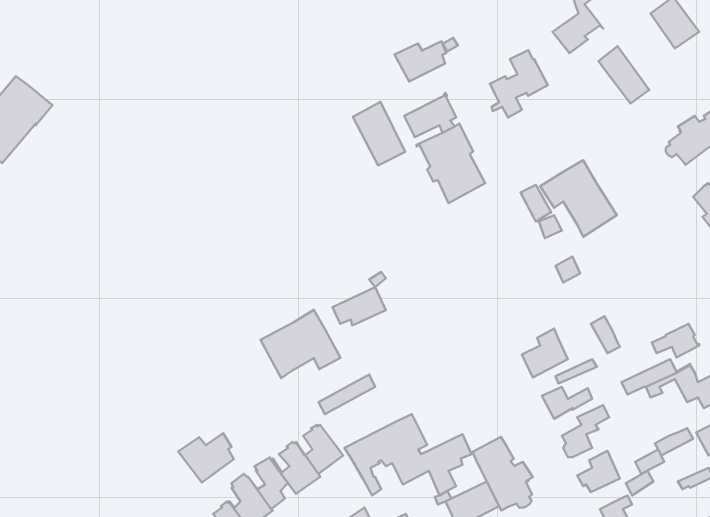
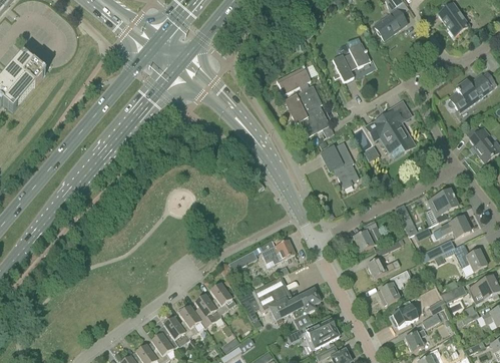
building: [395,41,446,82] -> none
building: [599,46,649,103] -> none
building: [353,102,405,165] -> none
building: none -> [321,140,359,187]
building: none -> [428,189,458,216]
building: [332,287,386,326] -> [261,238,296,263]
building: [261,310,341,378] -> none
building: [178,433,234,483] -> none
building: [472,437,533,510] -> none

